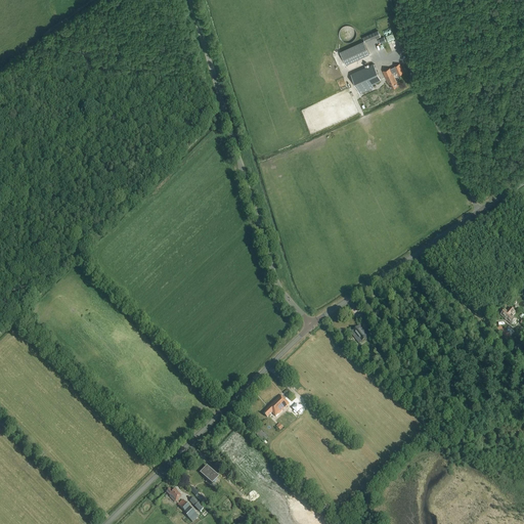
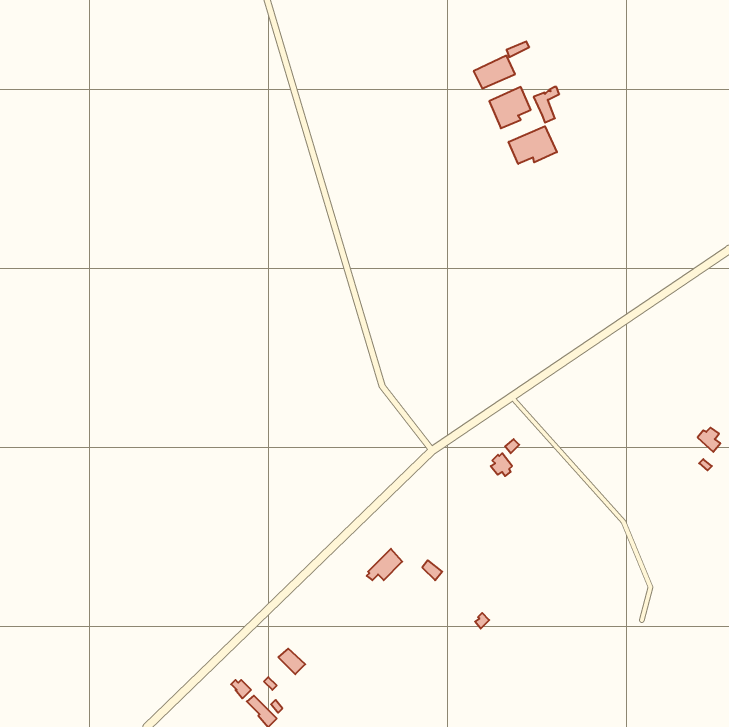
building: none -> [509,126,557,164]

